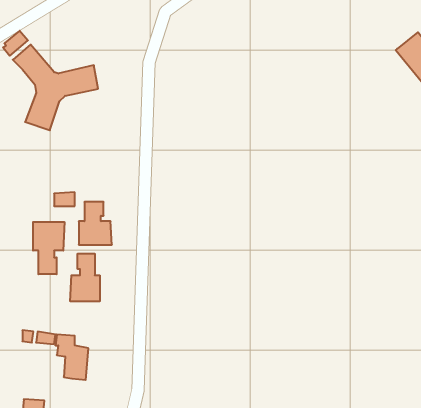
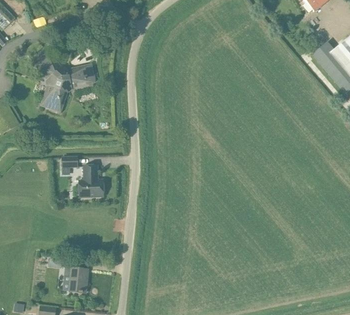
building: [33,222,64,274] -> none
building: [70,254,100,301] -> none

